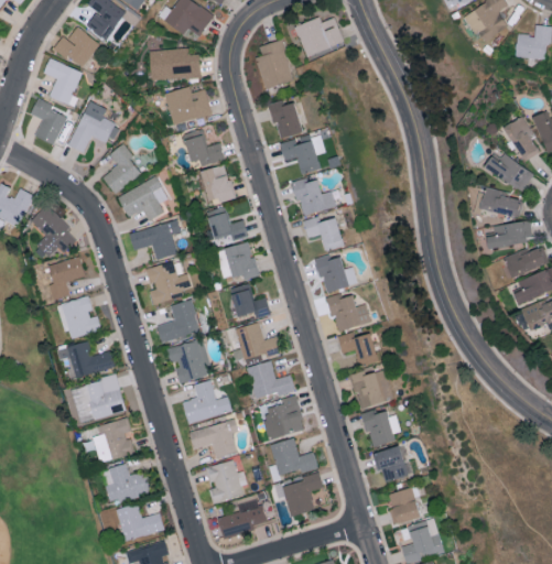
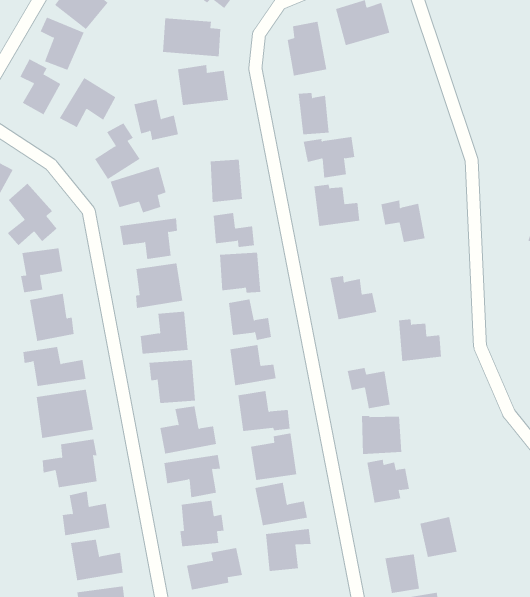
building: [182,131,224,167] -> [133,99,179,141]
building: [302,216,344,252] -> [380,200,425,243]
building: [328,294,369,332] -> [398,319,442,362]
building: [374,445,409,482] -> [419,516,457,558]

